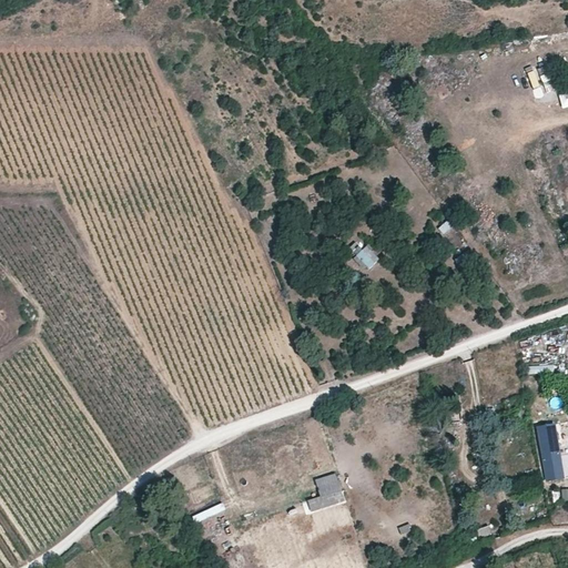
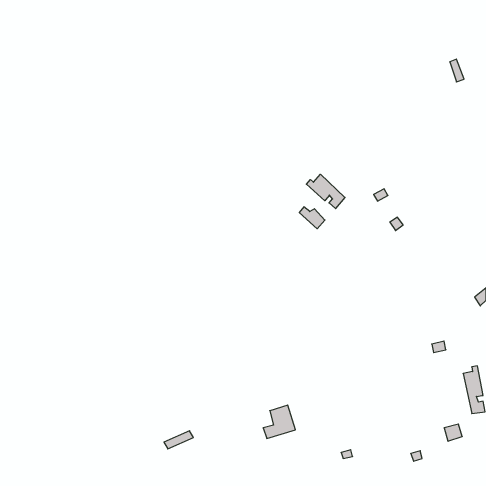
building: none -> [306,174,345,209]

